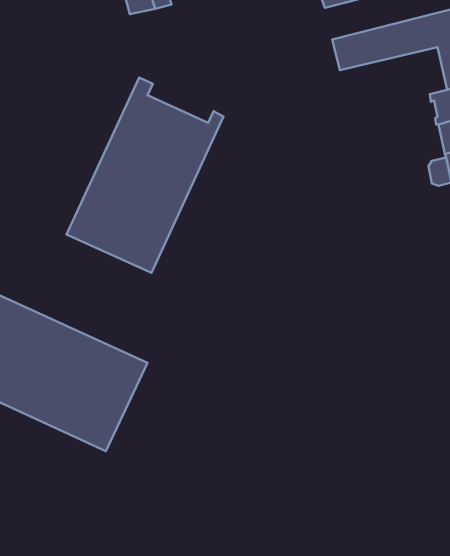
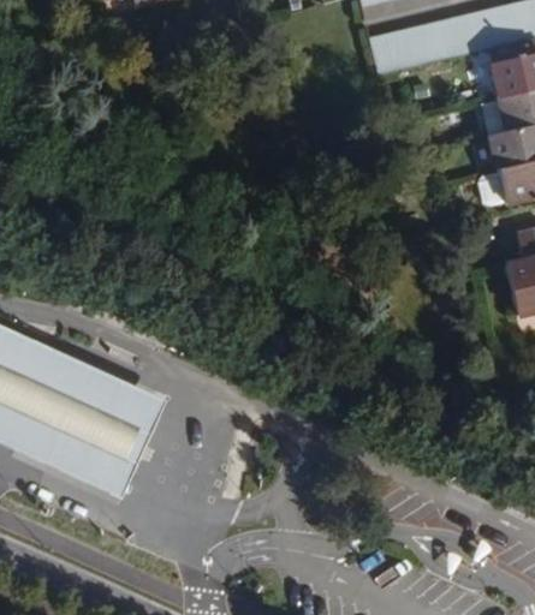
building: [67,78,223,273] -> none

